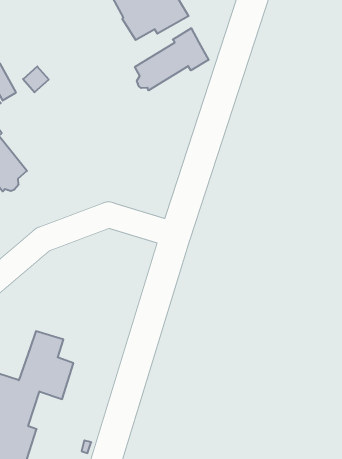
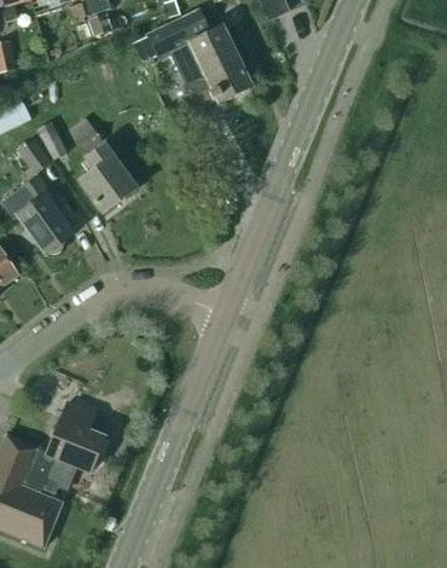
building: [135,28,209,90] -> none
building: none -> [79,143,138,211]

